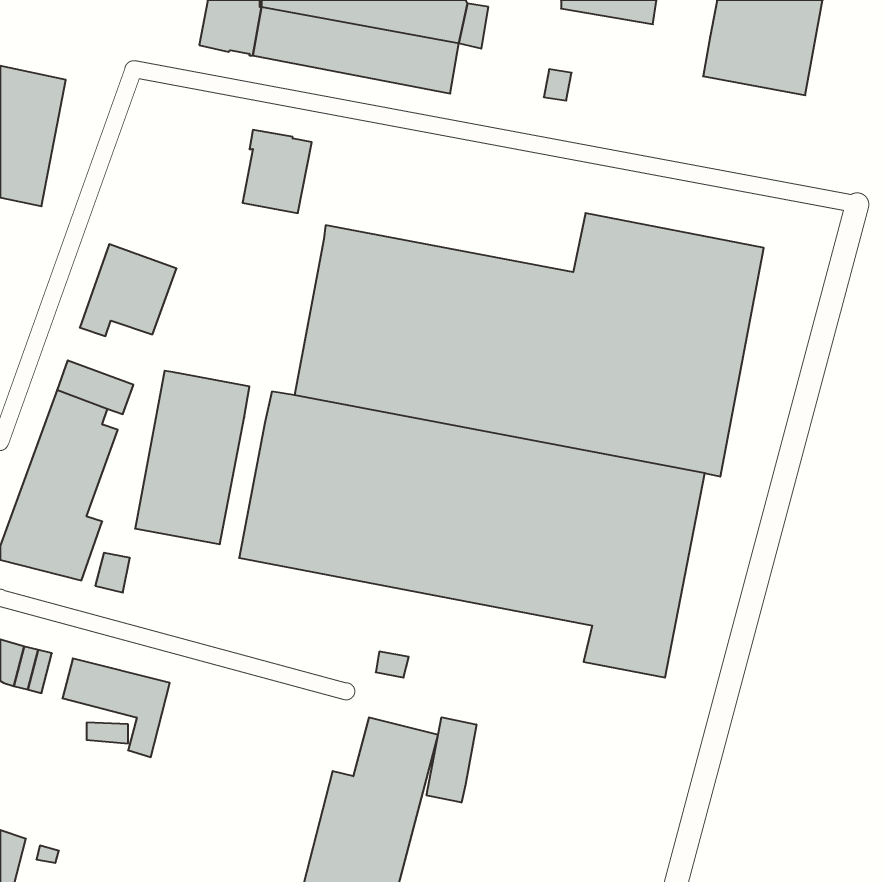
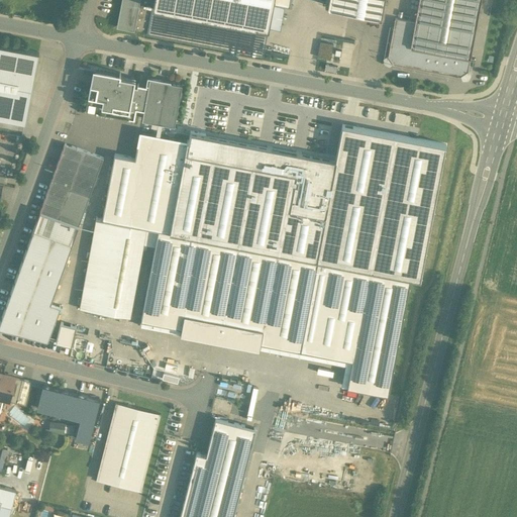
building: none -> [388,19,470,77]
building: none -> [89,73,147,114]
building: none -> [102,132,189,248]
building: none -> [39,189,89,226]
building: none -> [96,404,161,493]
building: [427,717,476,803] -> none

